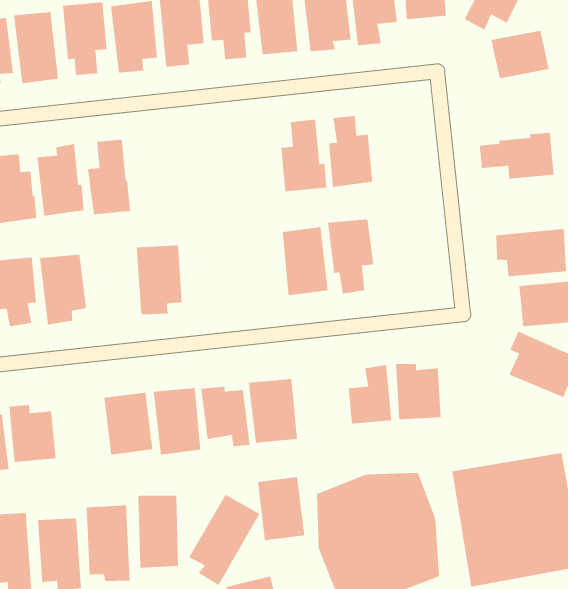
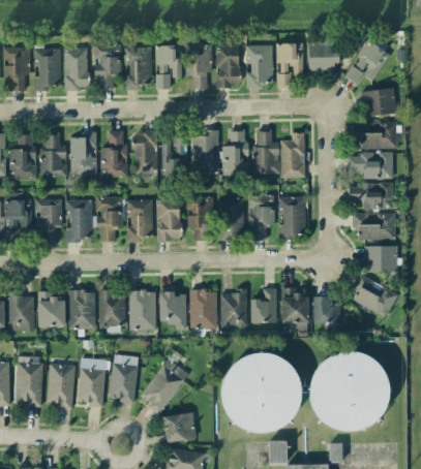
building: none -> [354,121,397,149]
building: none -> [280,132,305,178]
building: none -> [191,132,218,174]
building: none -> [161,131,186,169]
building: none -> [133,132,156,173]
building: none -> [349,183,393,210]
building: none -> [278,196,305,240]
building: none -> [186,196,210,241]
building: none -> [156,199,180,240]
building: none -> [96,197,122,242]
building: none -> [312,296,339,330]
building: none -> [67,290,95,330]
building: [257,476,305,541] -> [219,290,246,329]

